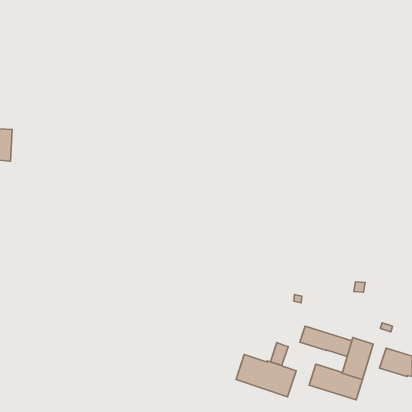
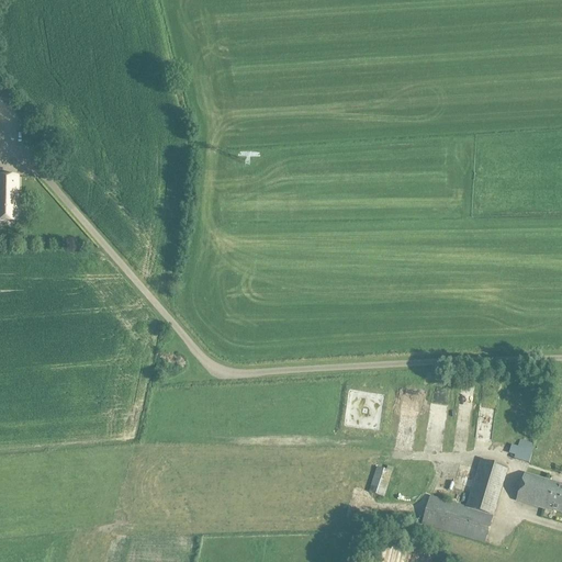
building: [300,326,352,356] -> none
building: [236,354,296,397] -> none

